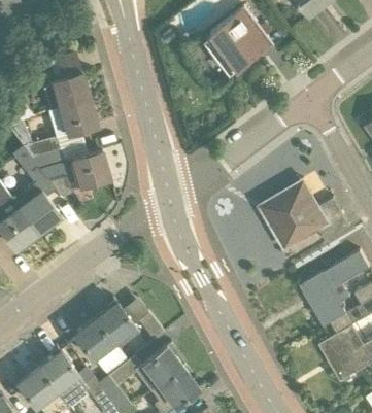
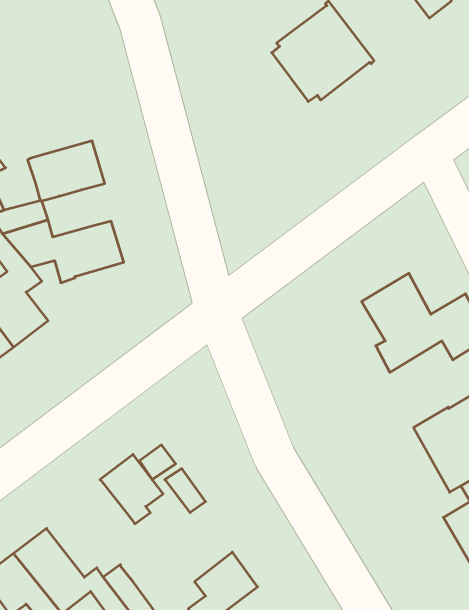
building: [42,51,89,109] -> none
building: [73,319,113,360] -> none
building: [107,346,180,386] -> none

